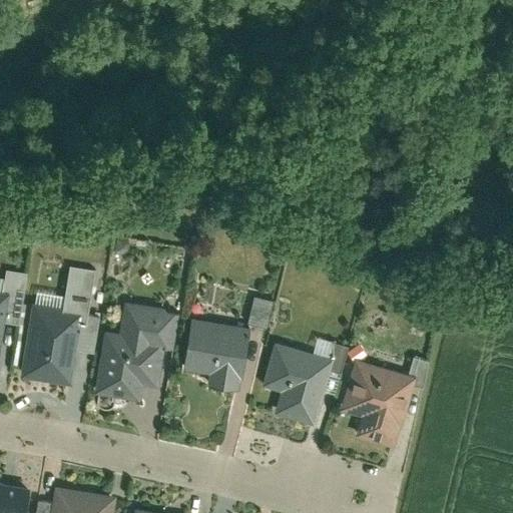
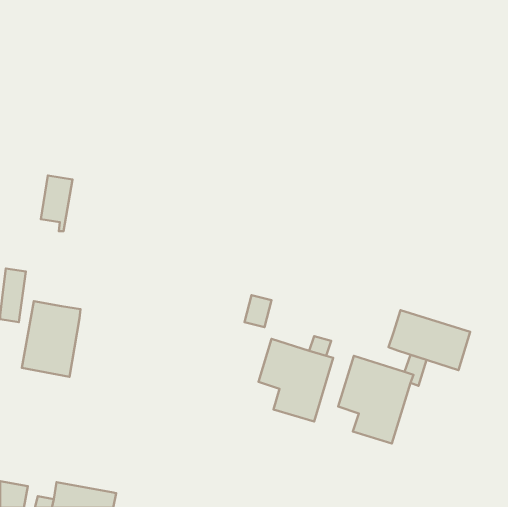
building: [62,266,94,322] -> [41,176,73,231]
building: [96,303,175,401] -> none
building: none -> [388,310,470,370]
building: [184,320,250,391] -> none

